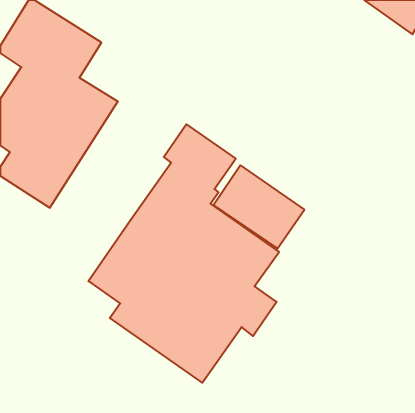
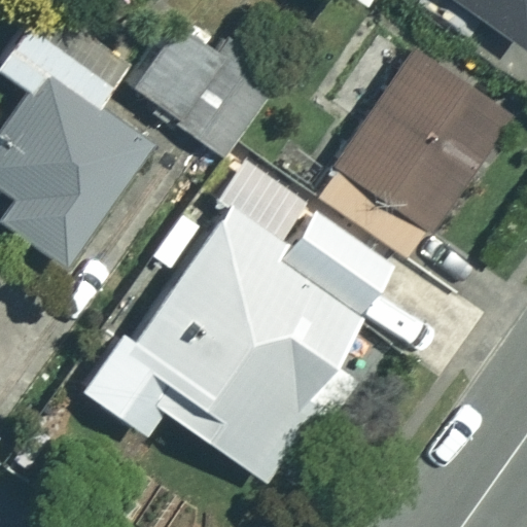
building: none -> [134,20,276,157]
building: none -> [316,50,513,262]

